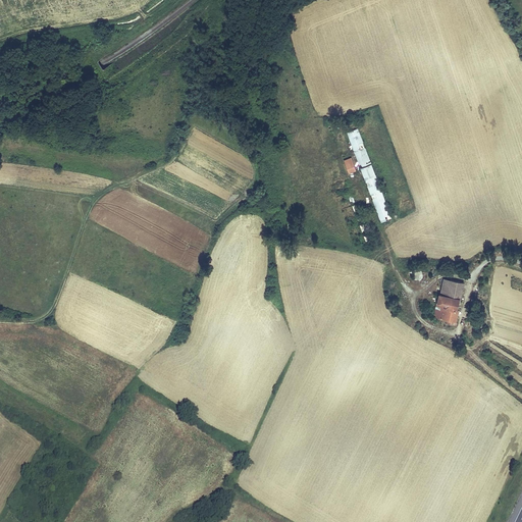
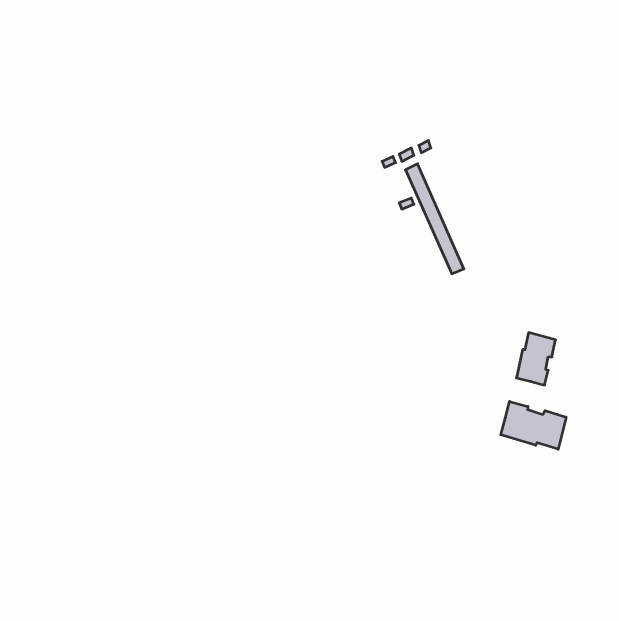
building: none -> [501,401,566,449]

